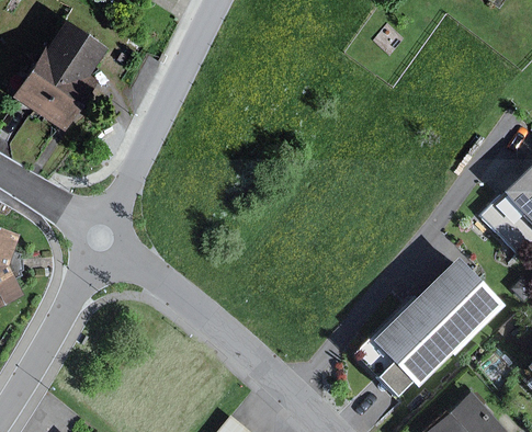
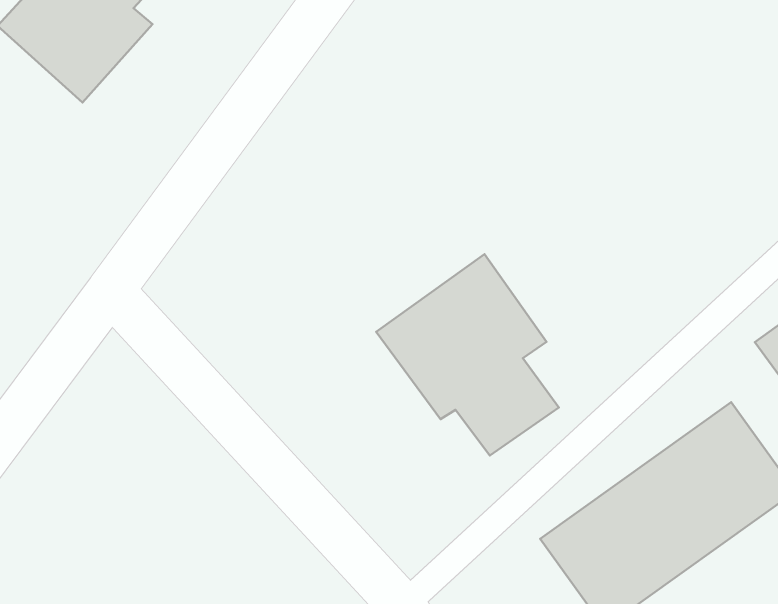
building: none -> [376,254,559,456]

